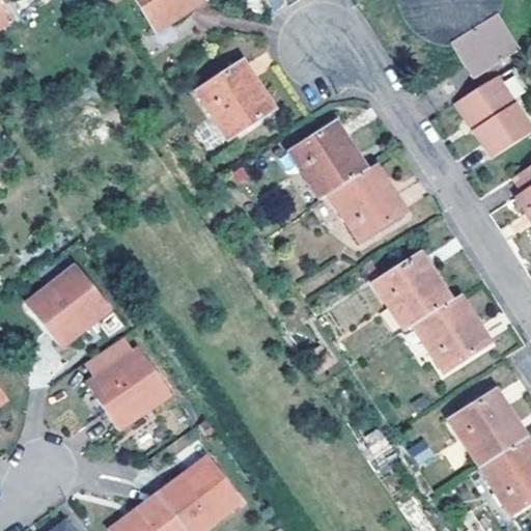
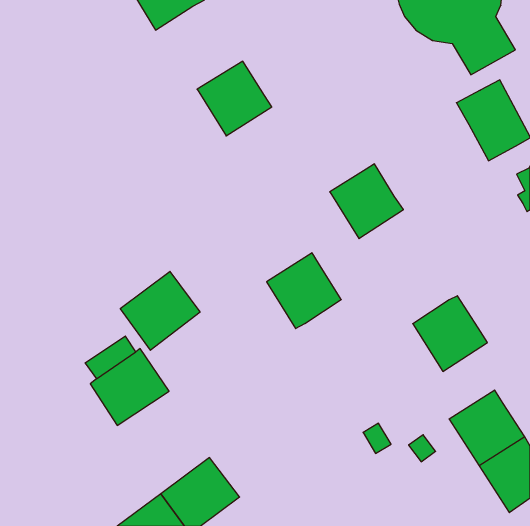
building: [290,121,366,197] -> none
building: [374,253,449,329] -> [267,253,341,329]
building: [30,264,110,343] -> [120,271,200,350]

